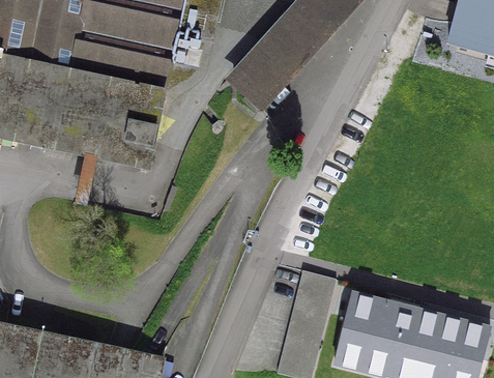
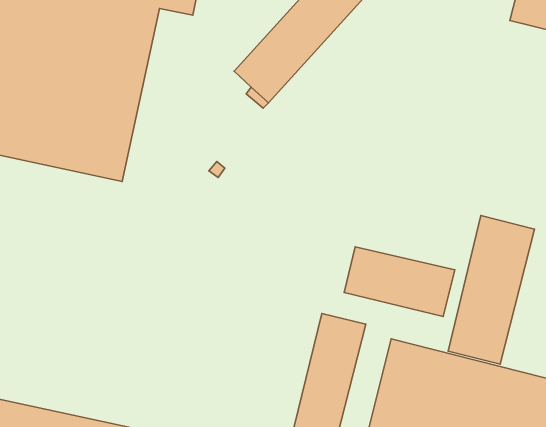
building: none -> [448,215,535,364]
building: none -> [344,247,455,317]

